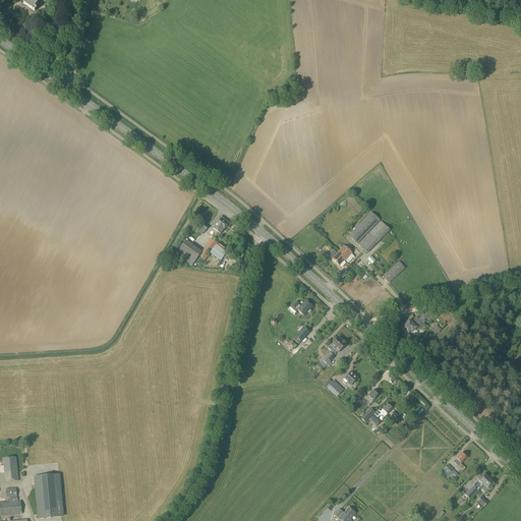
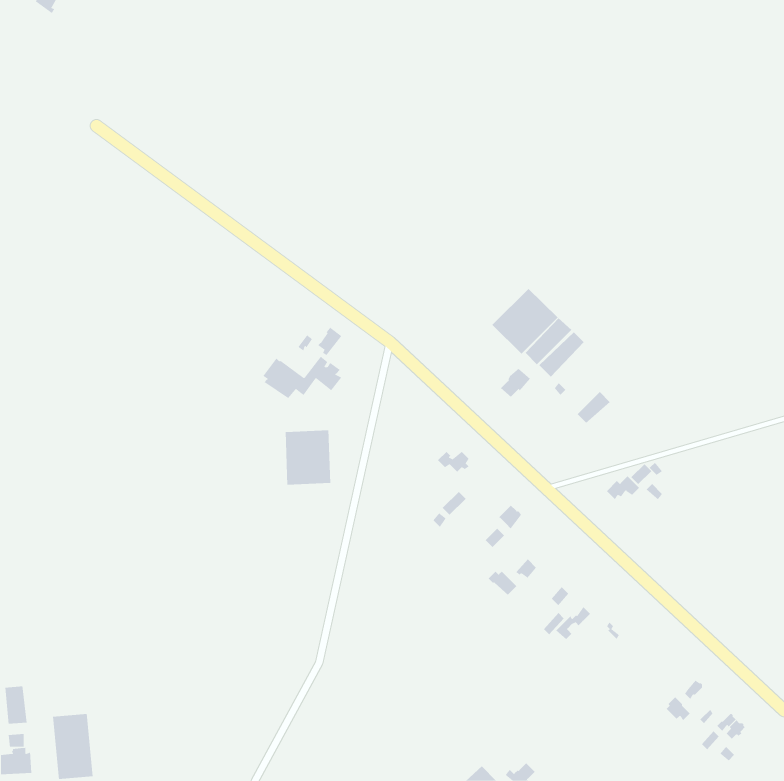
building: none -> [492,288,558,355]
building: none -> [285,430,331,485]

